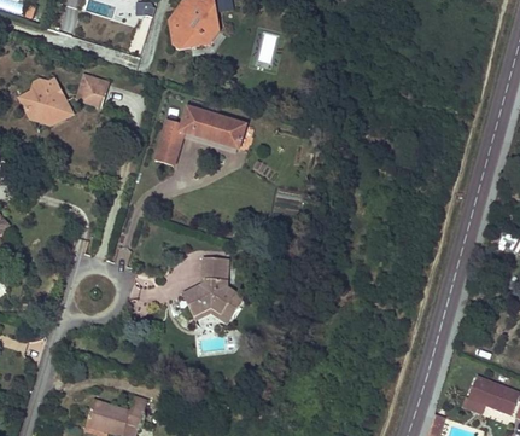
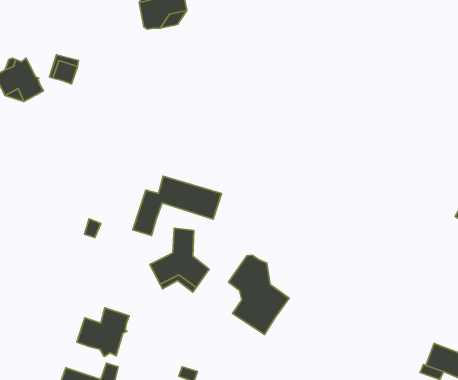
building: [154,106,246,168] -> [133,176,221,235]
building: none -> [228,255,289,334]
building: none -> [77,308,129,356]

